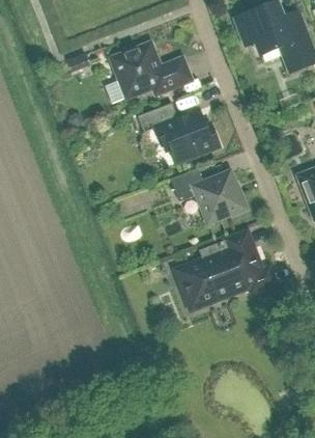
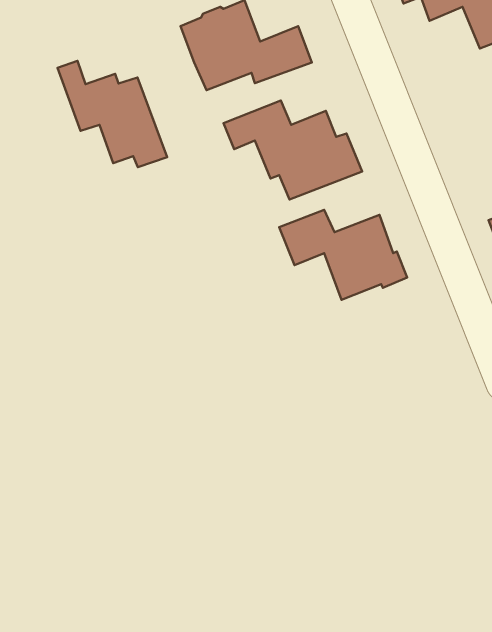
building: none -> [58,61,167,167]
building: [176,230,276,308] -> none

